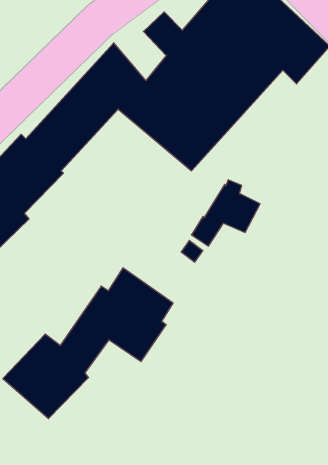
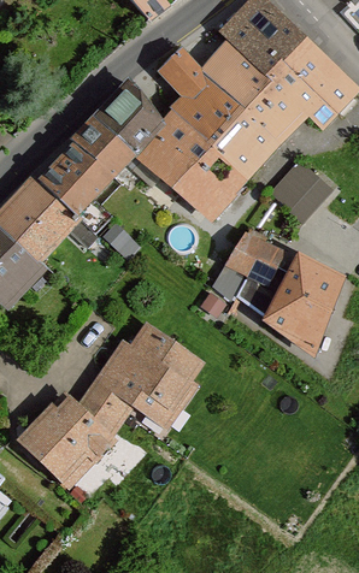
building: none -> [270,154,332,217]
building: none -> [258,244,347,344]

